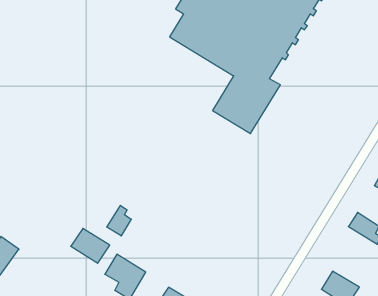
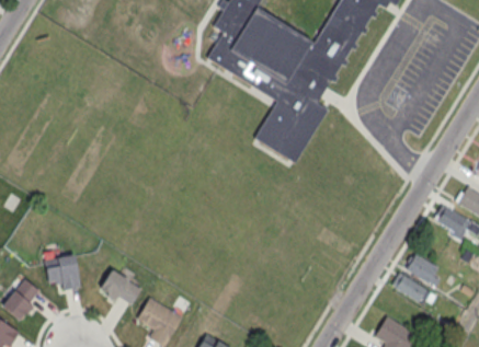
building: [107,205,131,236] -> none
building: none -> [45,255,81,290]
building: none -> [392,270,427,301]

